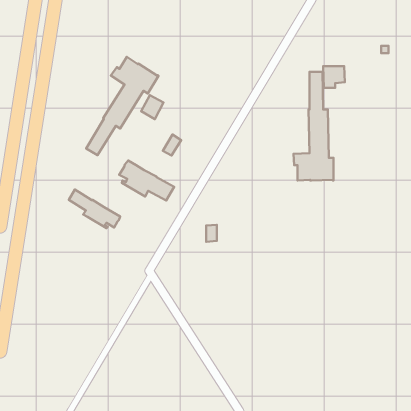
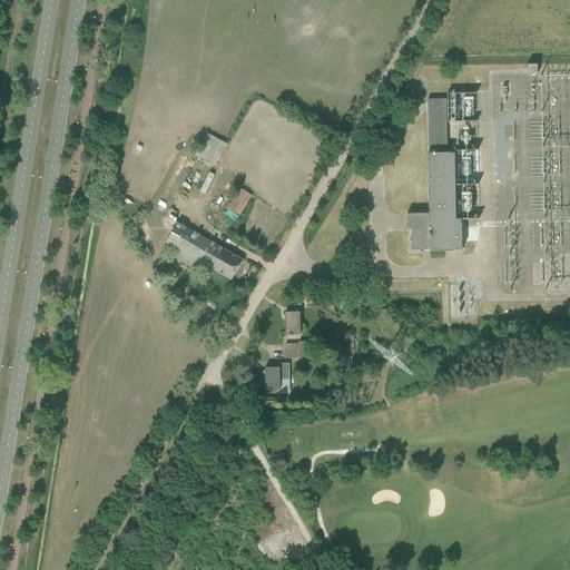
building: [86,57,158,155] -> none
building: [69,190,120,228] -> none
building: none -> [266,363,291,390]

